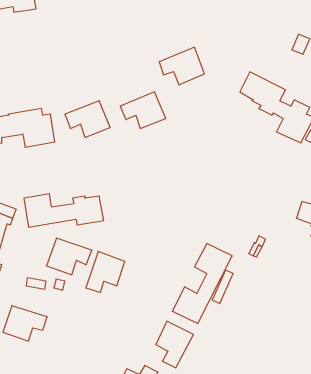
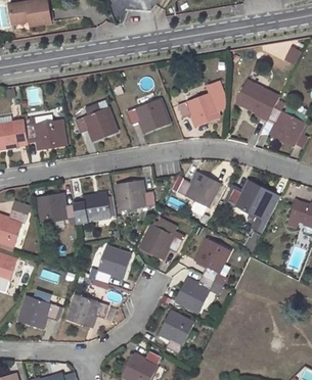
building: [159,47,204,85] -> [178,92,220,127]
building: none -> [177,173,221,207]
building: none -> [117,180,155,210]
building: none -> [227,182,280,222]
building: none -> [139,225,182,259]
building: [46,238,92,275] -> [66,294,108,328]

